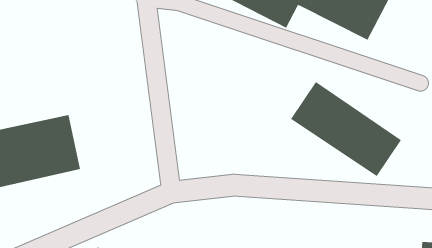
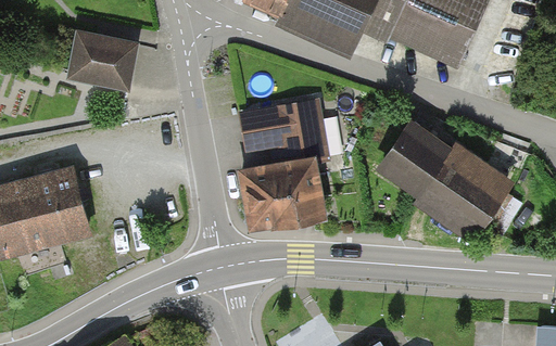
building: none -> [65,35,132,91]
building: none -> [240,99,326,227]

